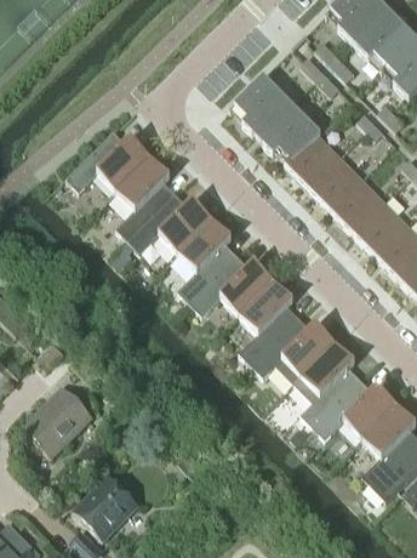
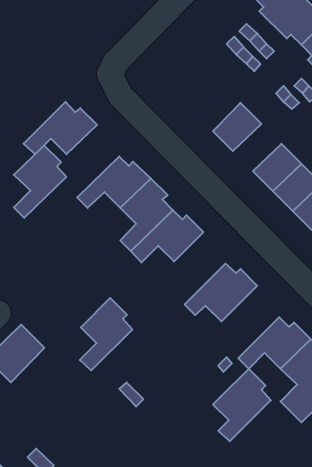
building: [235,75,321,160] -> none
building: [308,156,364,211] -> none
building: [116,158,177,241] -> [14,145,66,218]
building: [239,281,299,365] -> [80,298,132,370]
building: [295,343,361,427] -> [213,369,271,441]
building: [73,473,137,539] -> none

